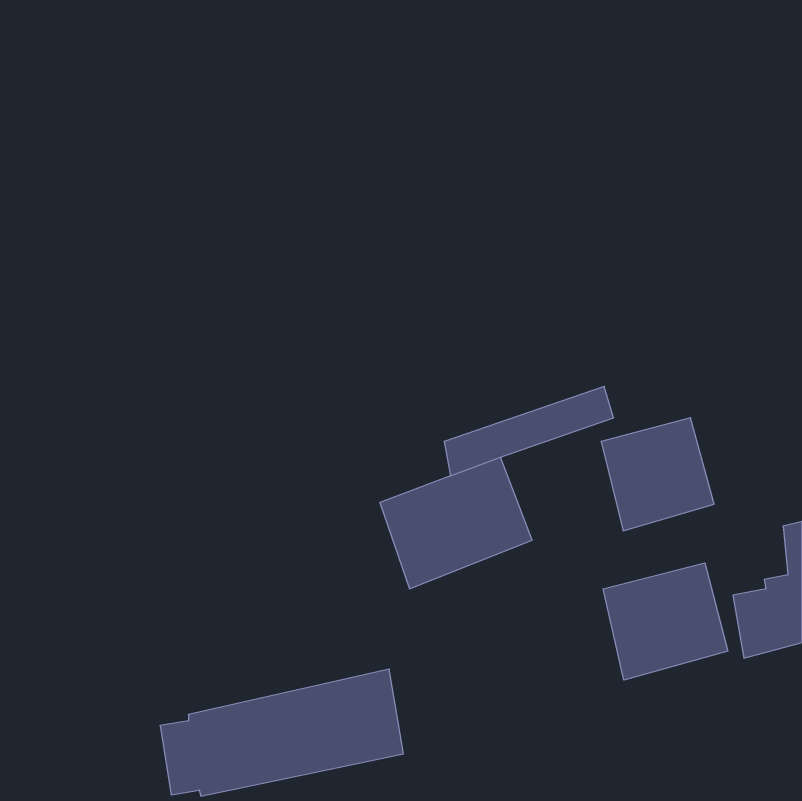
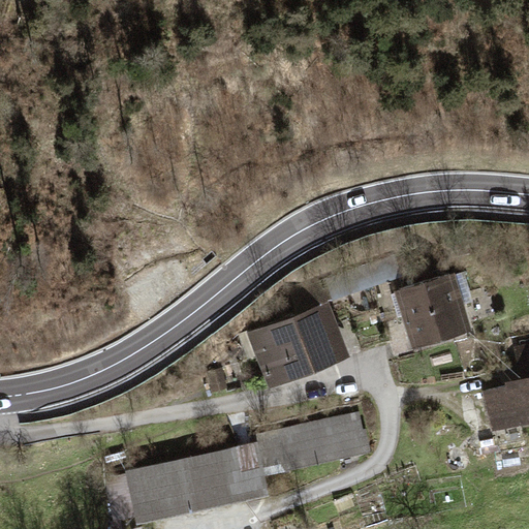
building: [603,563,728,680] -> none
building: none -> [254,412,370,477]

